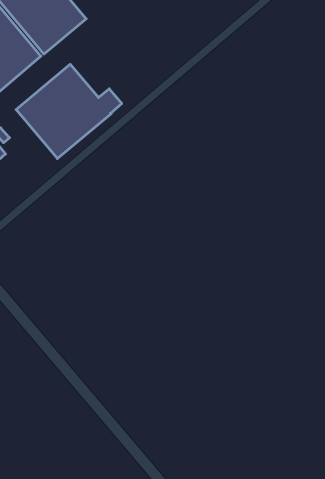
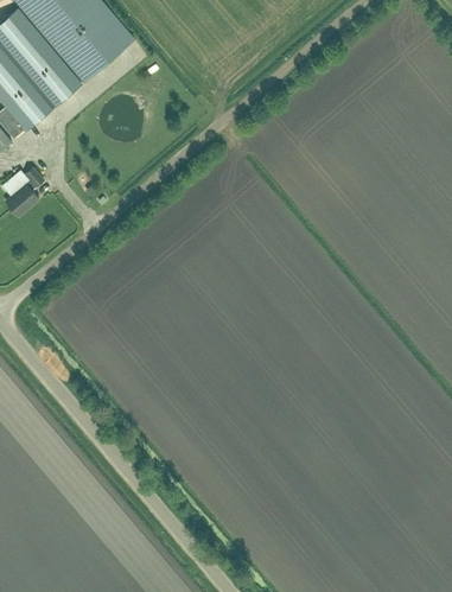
building: [16,64,122,159] -> none

